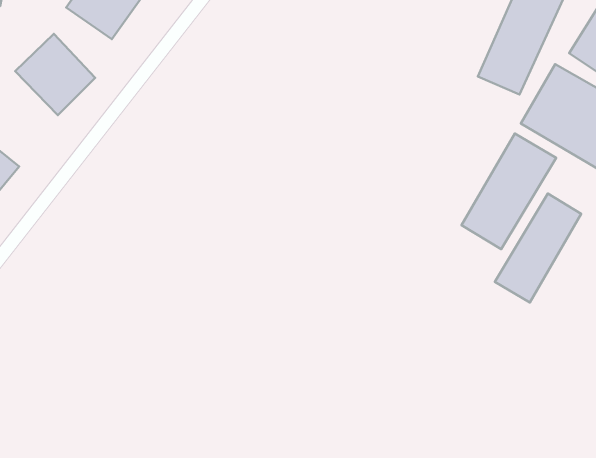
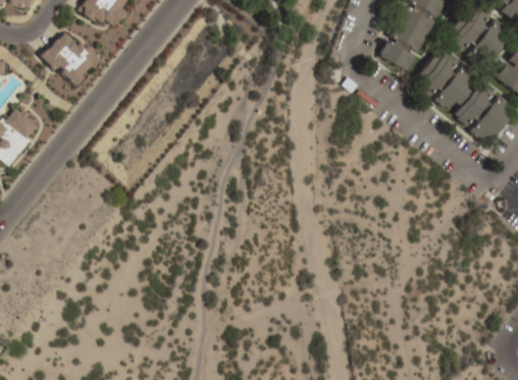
building: [462,133,556,249] -> none
building: [495,193,581,303] -> none

